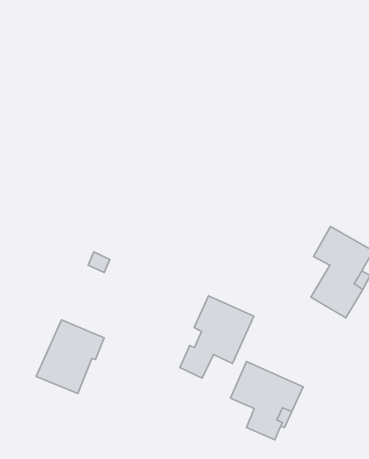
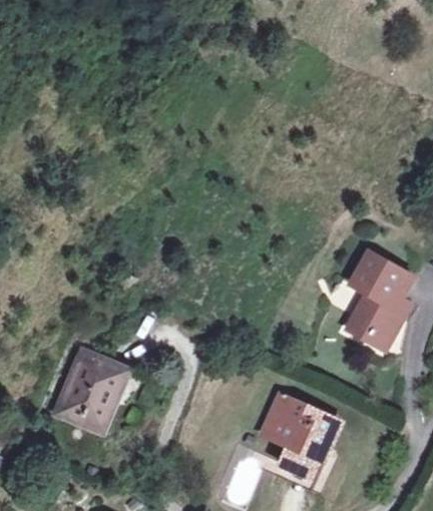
building: [180,296,254,378] -> none

